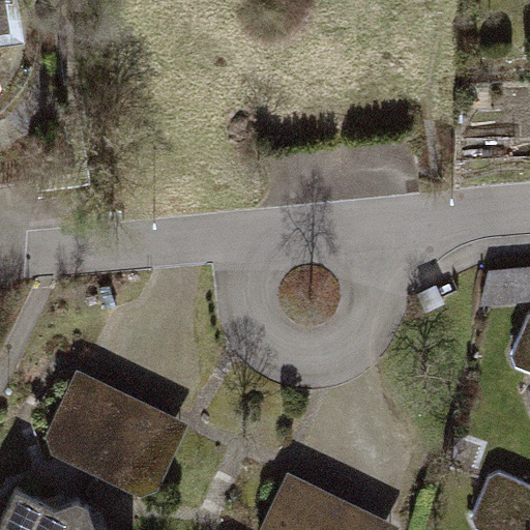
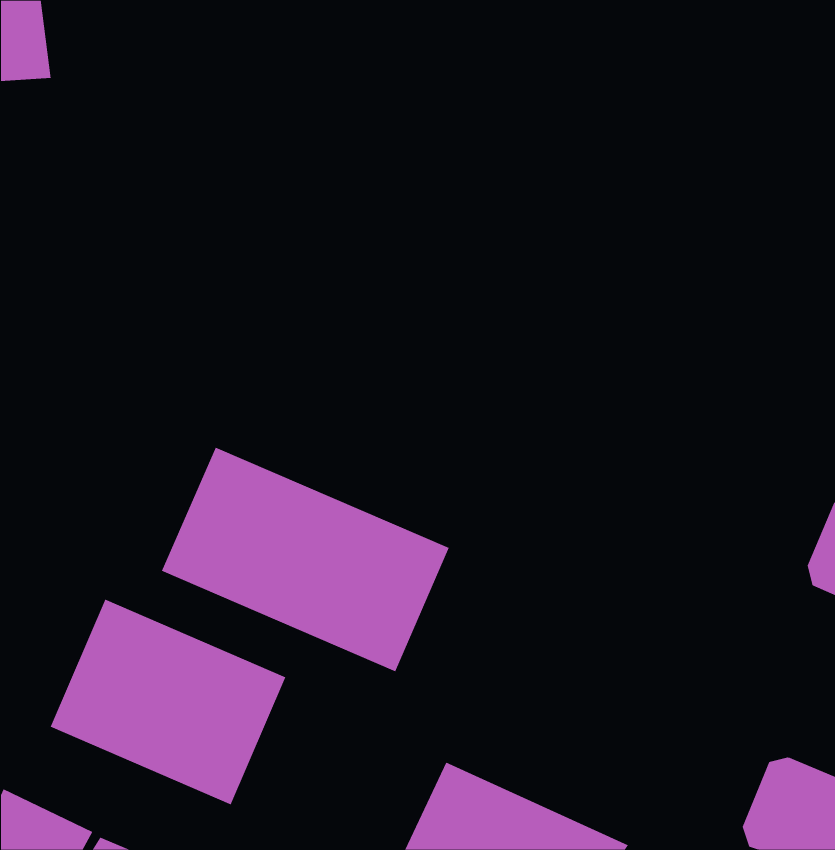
building: none -> [161,447,450,672]

